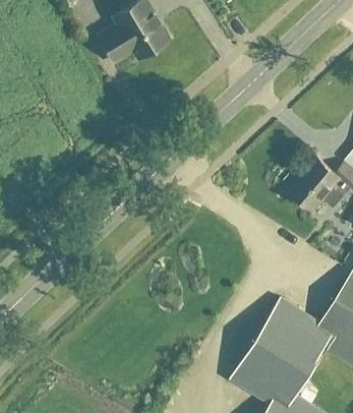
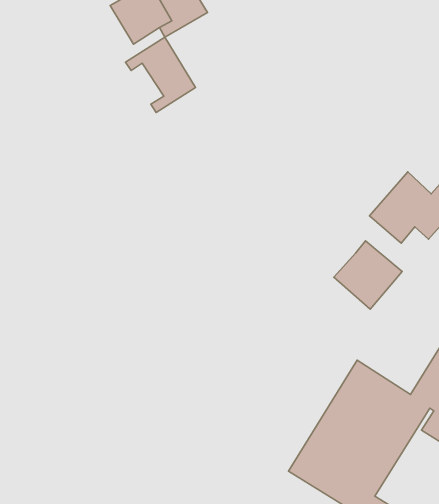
building: none -> [126,37,196,113]
building: none -> [334,241,402,309]

